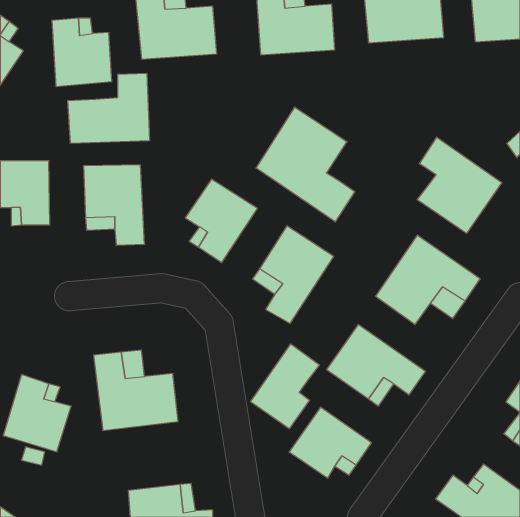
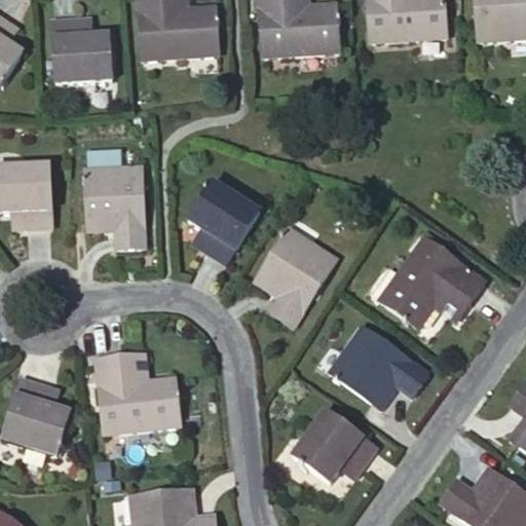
building: [68,73,149,143] -> none
building: [256,107,355,222] -> none
building: [417,137,502,233] -> none
building: [250,344,320,429] -> none

